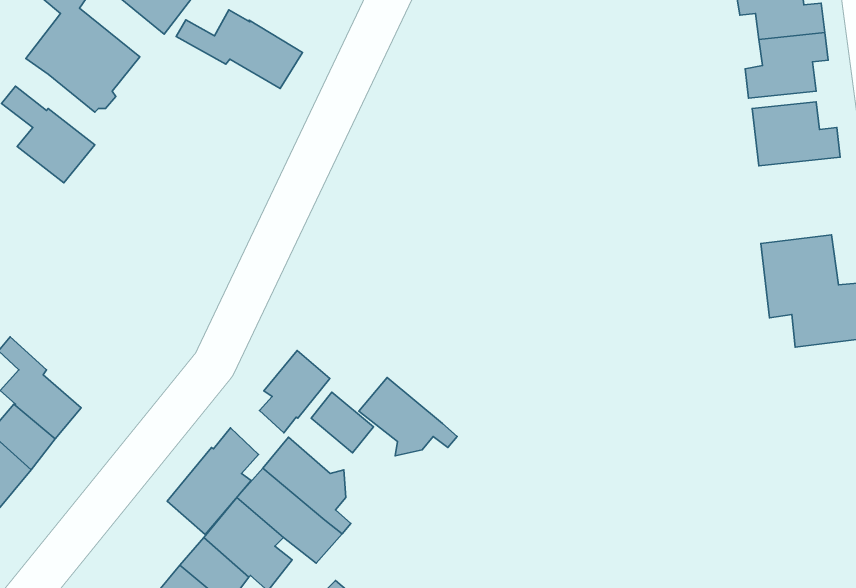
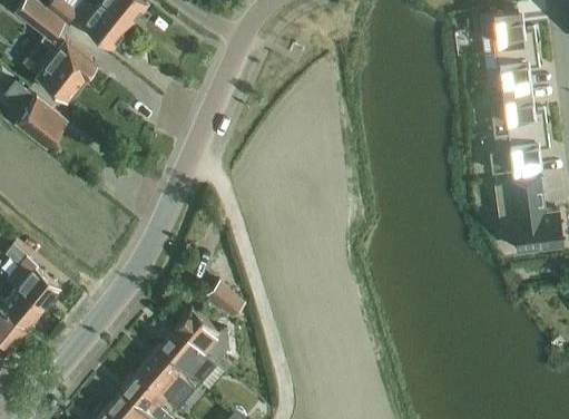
building: [176,10,303,89] -> none
building: none -> [489,128,548,172]
building: [260,351,330,433] -> none
building: [359,377,457,456] -> none
building: [167,428,259,535] -> none

